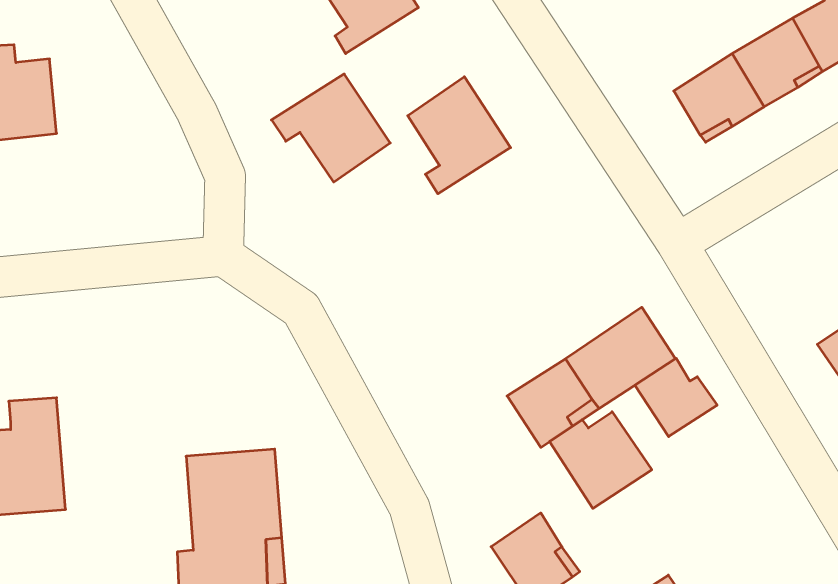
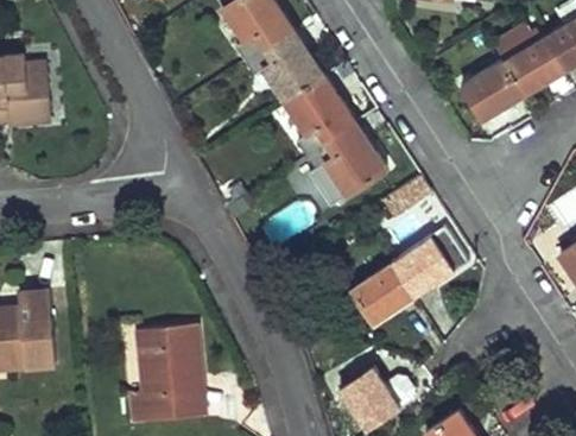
building: [271,74,390,182] -> [242,30,322,102]
building: none -> [304,124,385,198]
building: [635,358,717,437] -> none
building: [550,412,652,508] -> none

